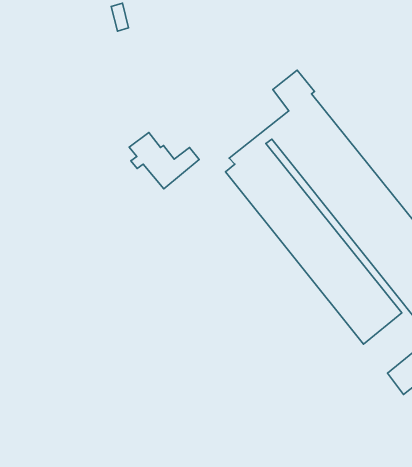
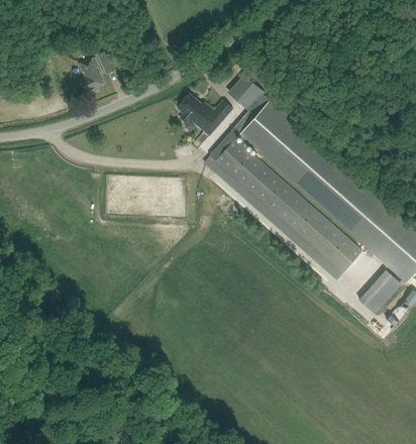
building: none -> [78,57,102,90]
building: [129,132,199,189] -> [177,93,232,134]

